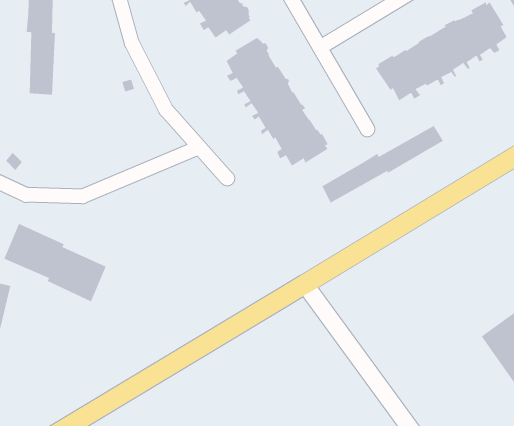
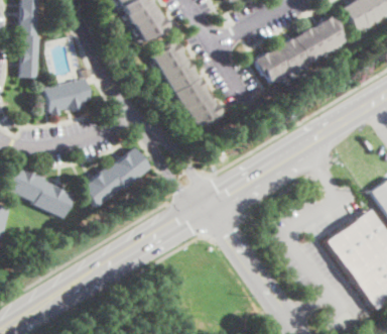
building: none -> [45,79,93,117]
building: [322,125,444,203] -> none
building: none -> [81,148,151,208]

